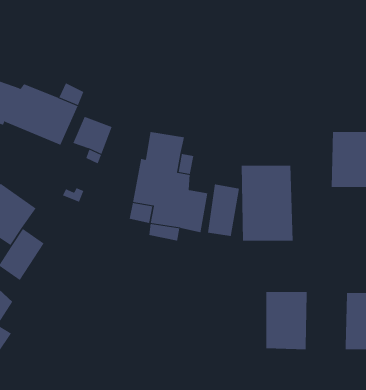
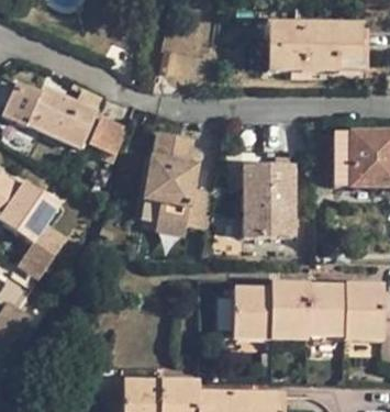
building: none -> [269,22,361,70]
building: none -> [310,286,347,335]
building: none -> [234,289,271,337]

